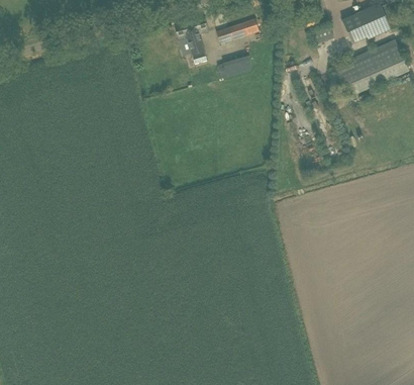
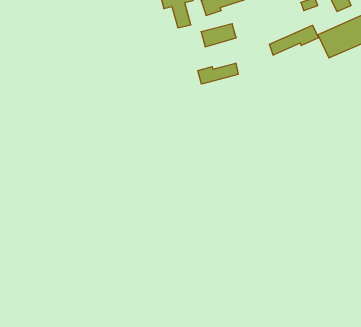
building: none -> [269,25,318,55]
building: none -> [198,63,238,84]

